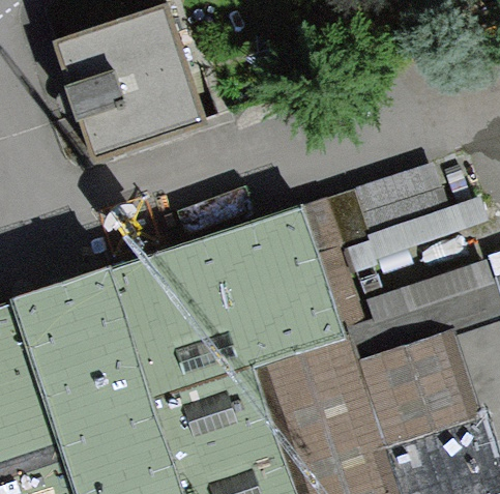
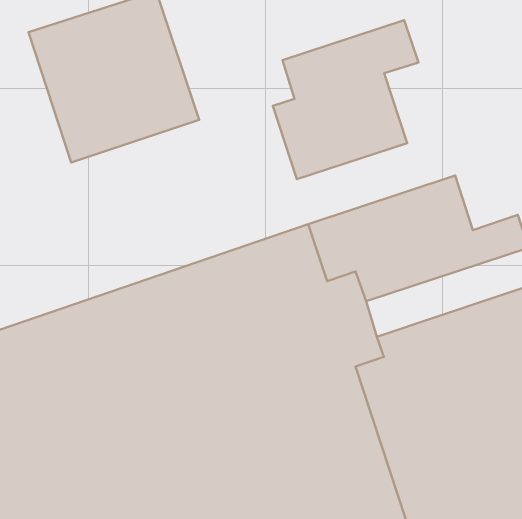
building: none -> [273,20,418,179]

